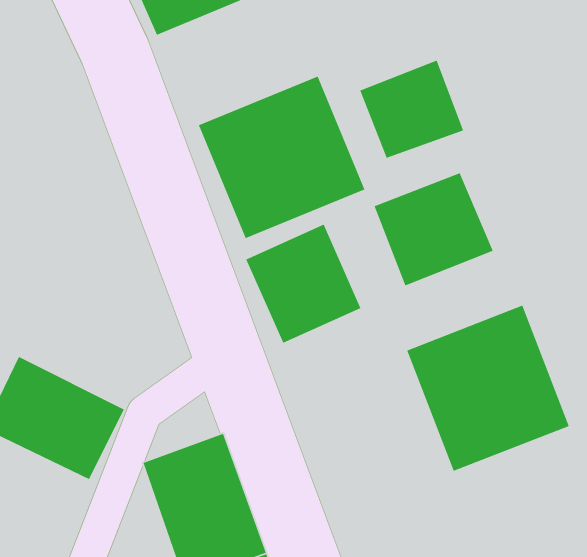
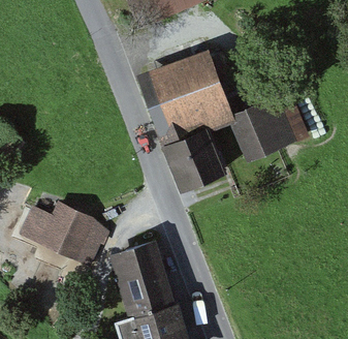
building: [359,60,464,159] -> none
building: [406,304,570,472] -> none

